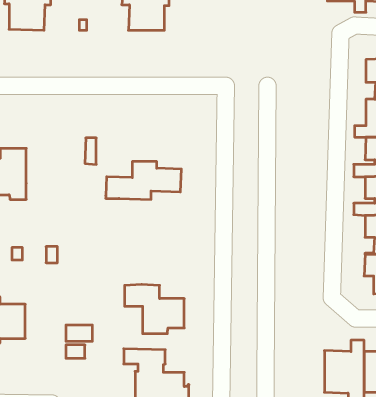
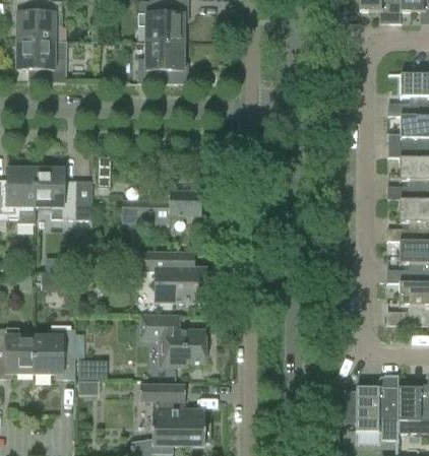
building: none -> [17,41,67,82]
building: none -> [138,42,188,83]
building: none -> [36,169,94,218]
building: none -> [133,250,206,302]
building: none -> [35,329,75,379]

